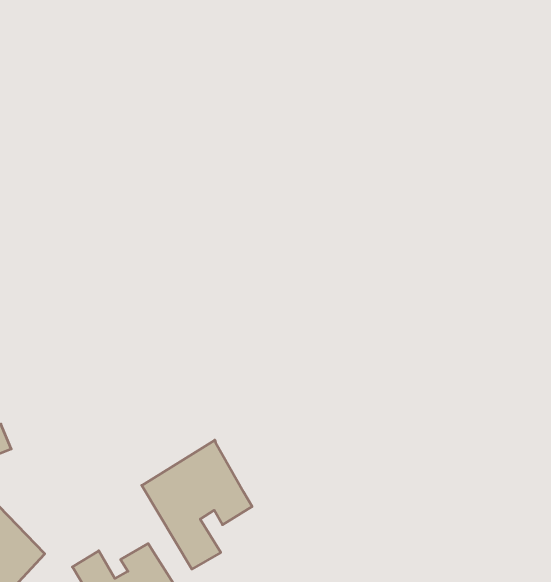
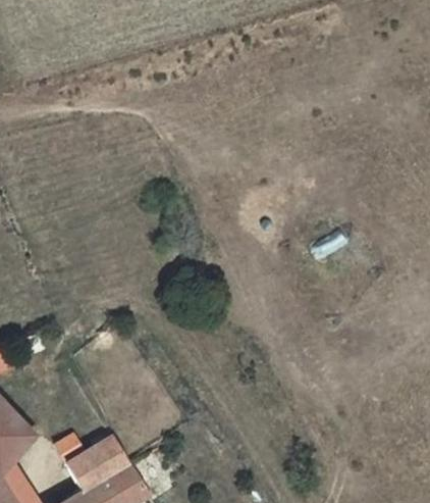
building: [142,440,252,569] -> none

